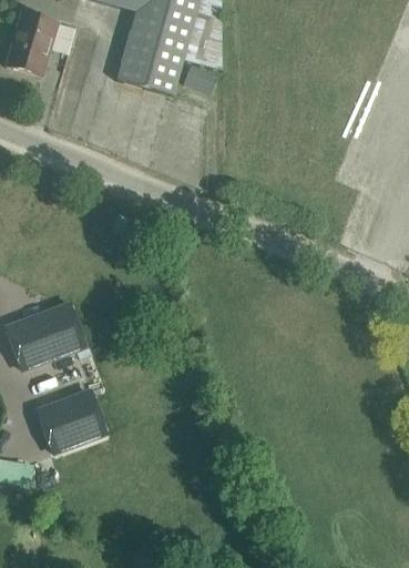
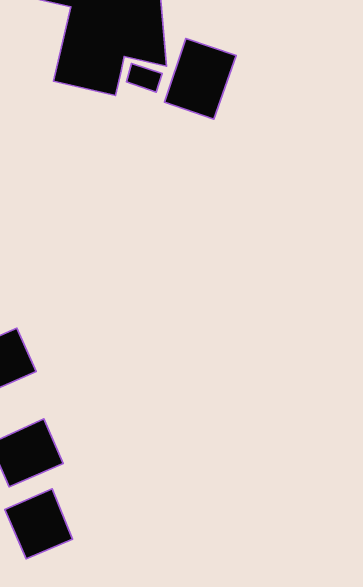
building: none -> [164,39,236,119]
building: none -> [5,489,73,559]

